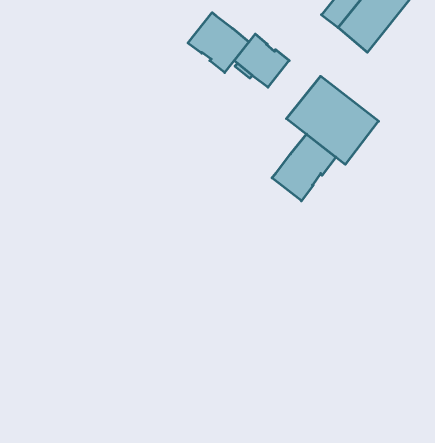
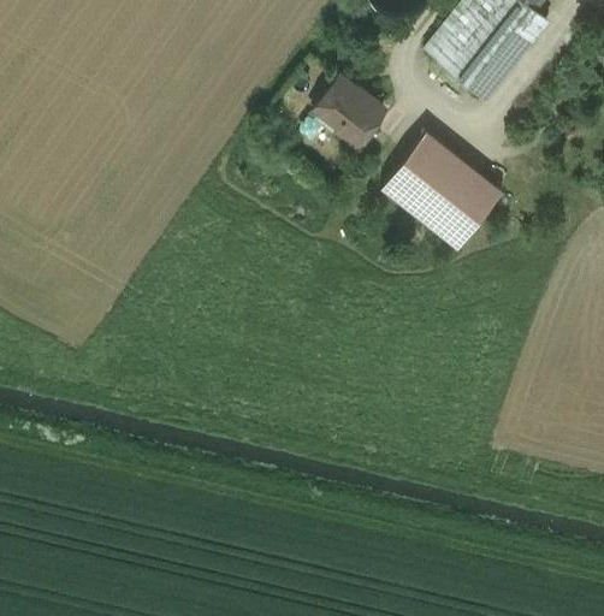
building: [188,13,249,73] -> none
building: [272,134,336,201] -> none

